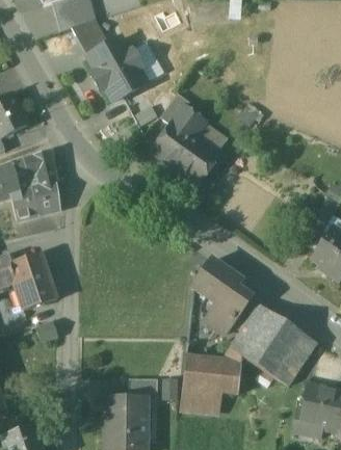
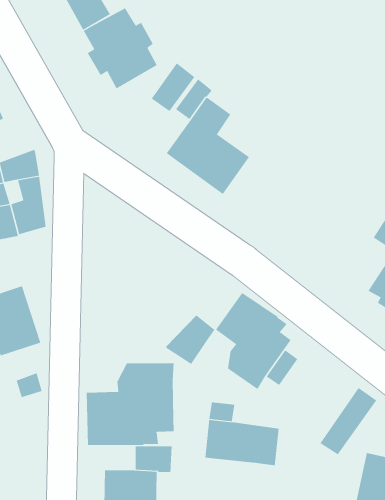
building: none -> [165,315,215,365]
building: [240,310,303,375] -> none
building: none -> [86,362,174,446]
building: [180,387,222,412] -> none

